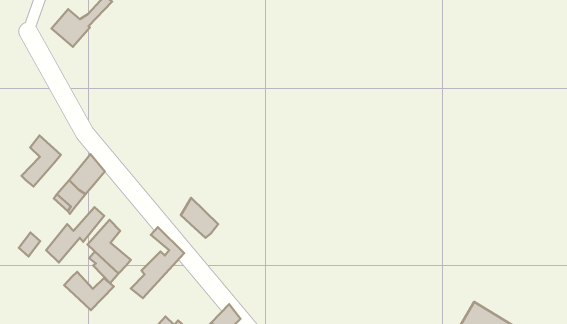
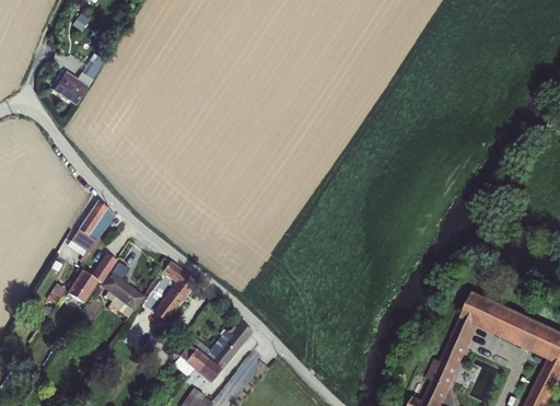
building: [22,136,61,187] -> none
building: [181,198,218,238] -> none
building: [64,272,114,310] -> none

